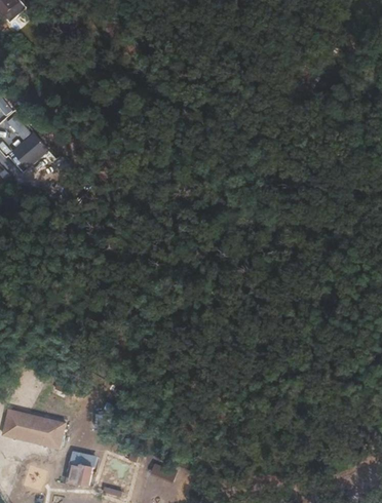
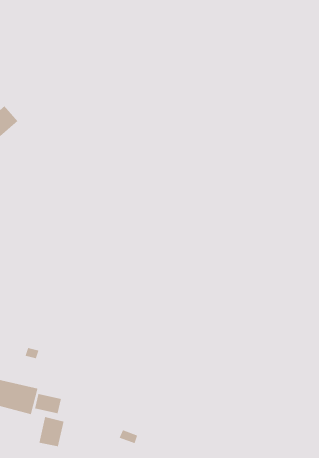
building: none -> [34,393,62,414]

